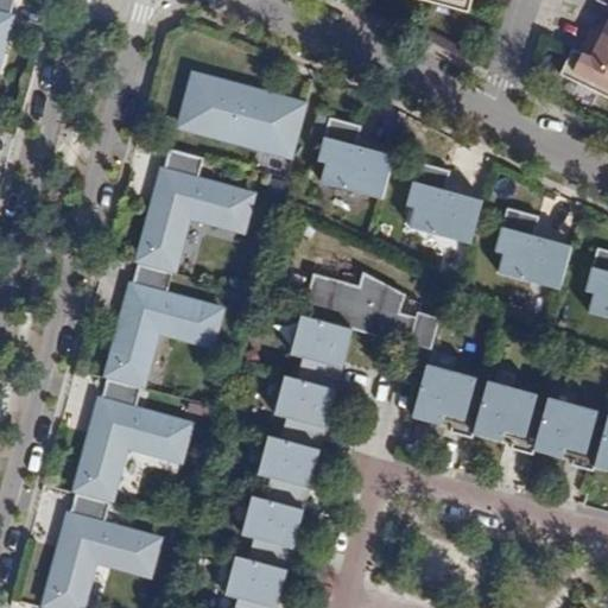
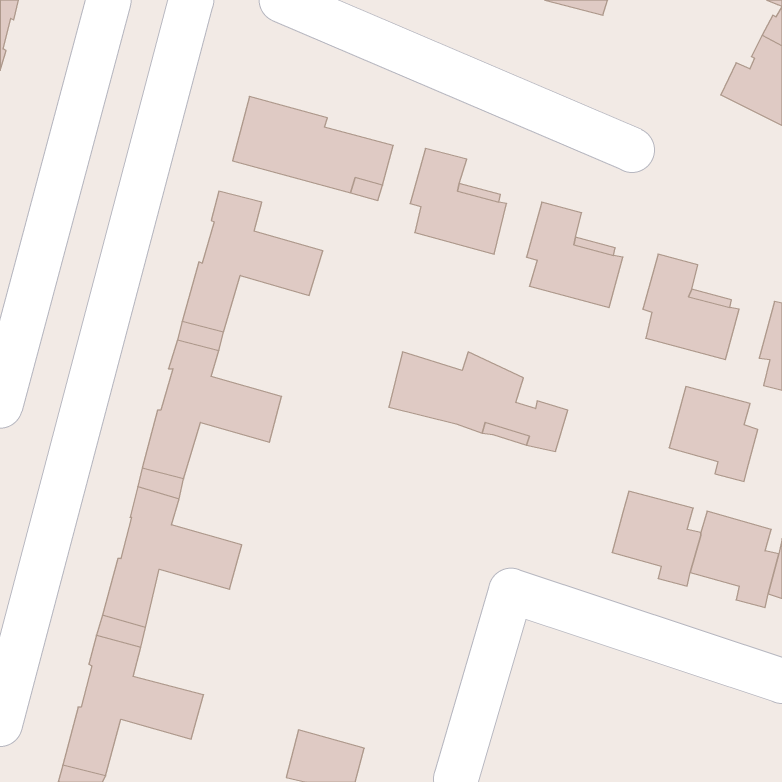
building: [285,323,350,376] -> none
building: [414,365,483,438] -> [669,387,758,481]
building: [268,385,334,438] -> none
building: [249,444,316,499] -> none
building: [234,504,298,558] -> none

